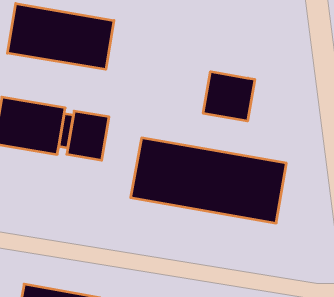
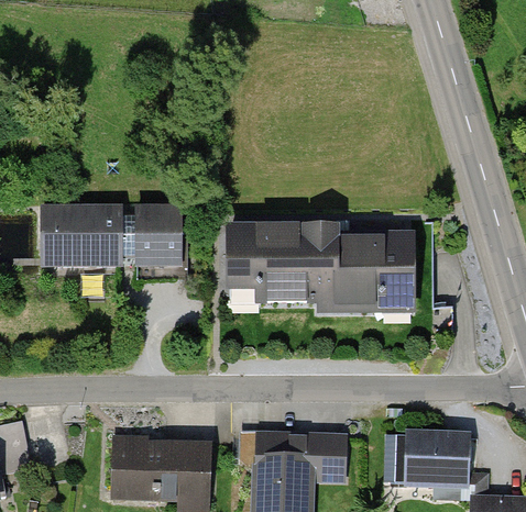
building: [7,3,114,69] -> none
building: [203,72,255,121] -> none

